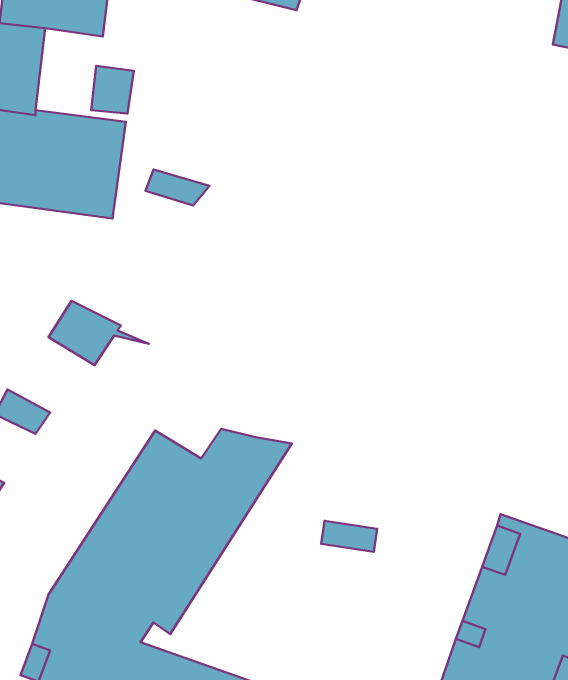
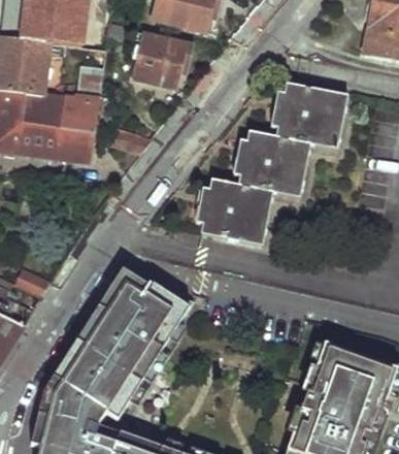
building: none -> [132,33,188,87]
building: none -> [196,83,343,247]
building: [49,301,149,365] -> [114,270,177,311]

